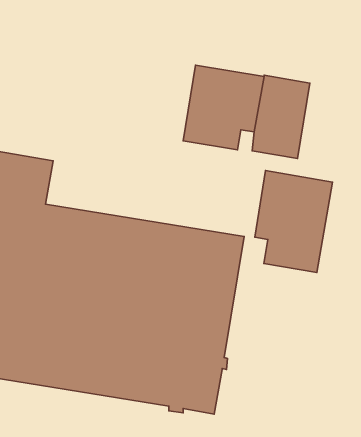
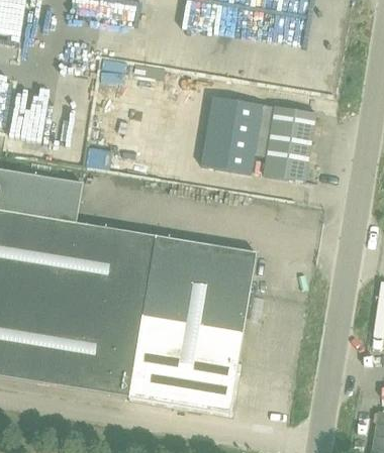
building: [255,171,332,272] -> none

